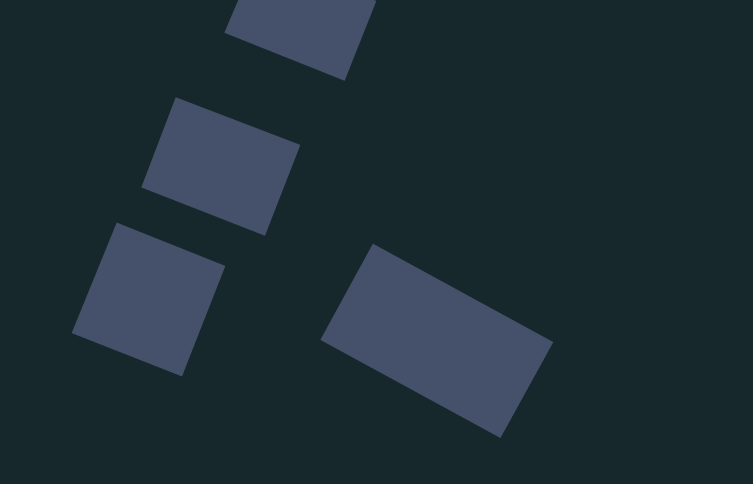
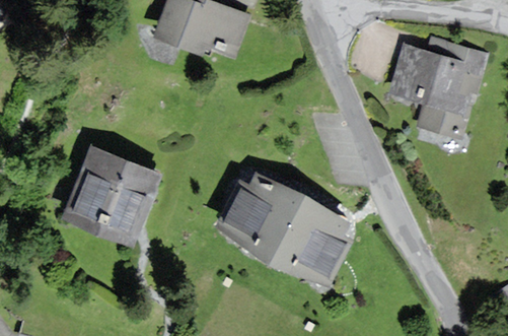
building: none -> [387,44,481,140]
building: [140,96,302,237] -> none

